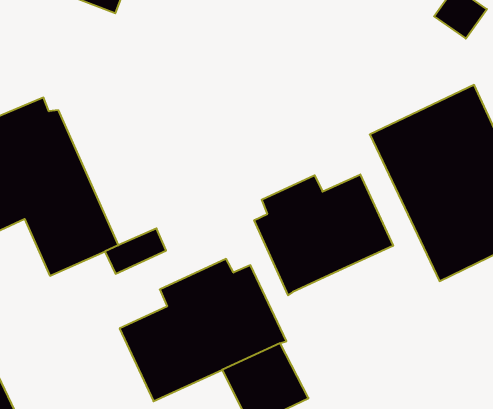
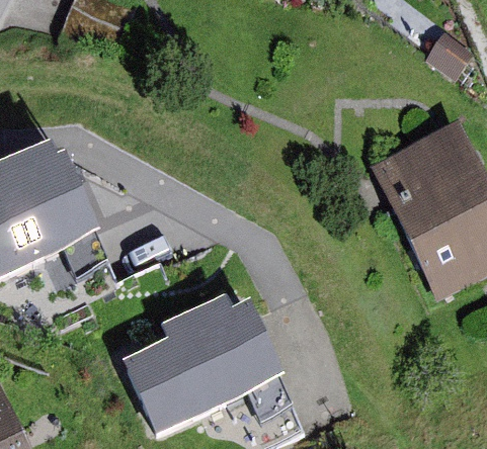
building: [254,174,393,295] -> none

